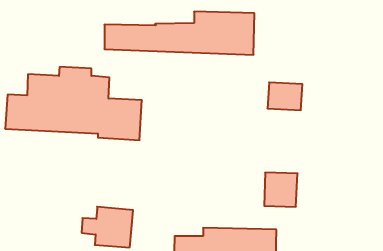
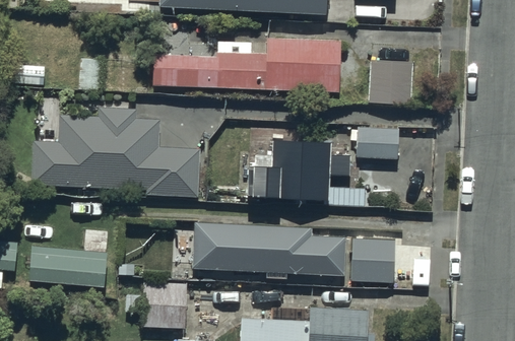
building: none -> [369,59,411,104]
building: none -> [246,139,349,202]
building: none -> [194,223,344,272]
building: none -> [30,245,106,283]

